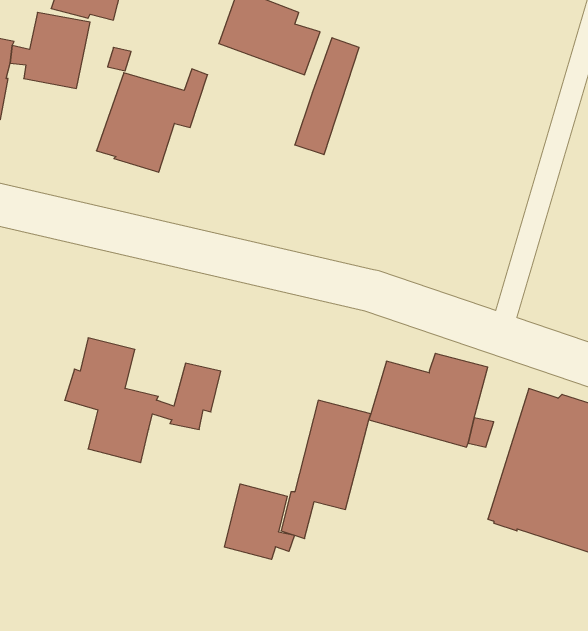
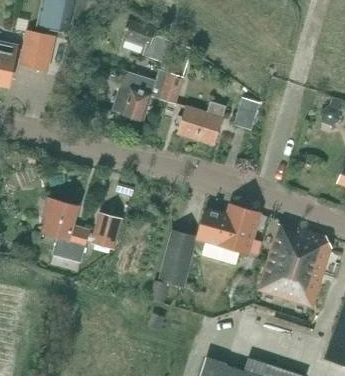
building: [96,69,208,172] -> [111,69,168,122]
building: none -> [234,98,260,130]
building: none -> [176,102,226,148]
building: [225,484,294,559] -> none

